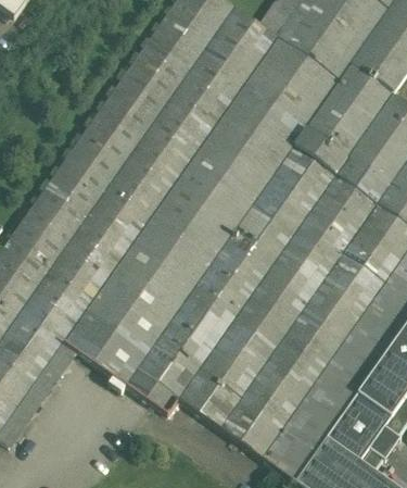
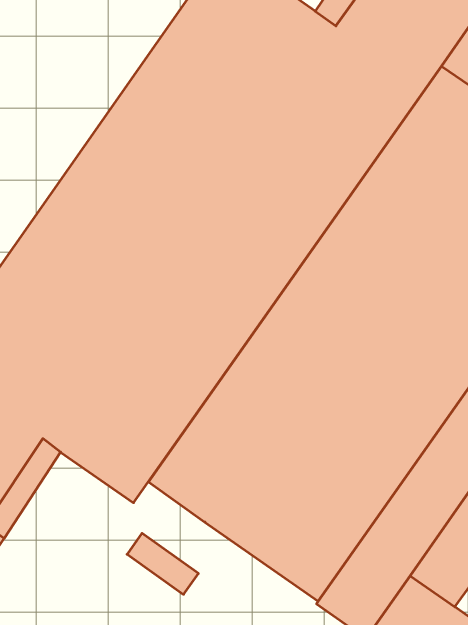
building: [127,367,179,412] -> [127,533,198,594]

